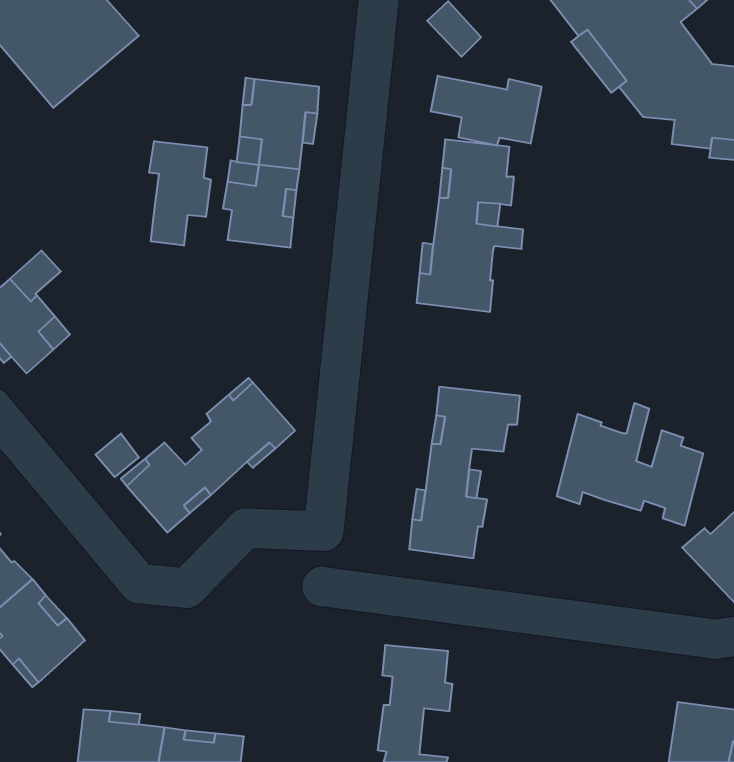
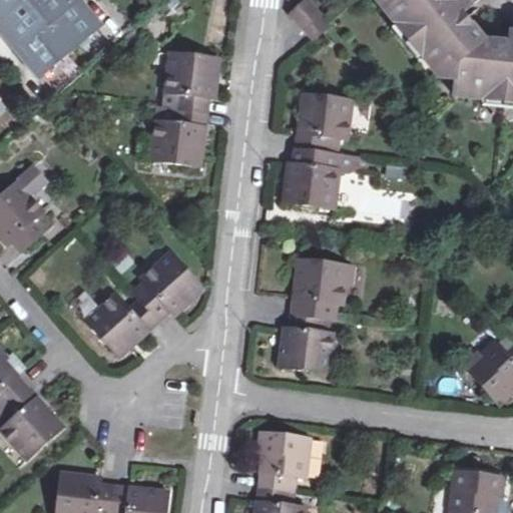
building: [431,76,541,145] -> none
building: [149,141,211,246] -> none
building: [557,403,703,526] -> none

